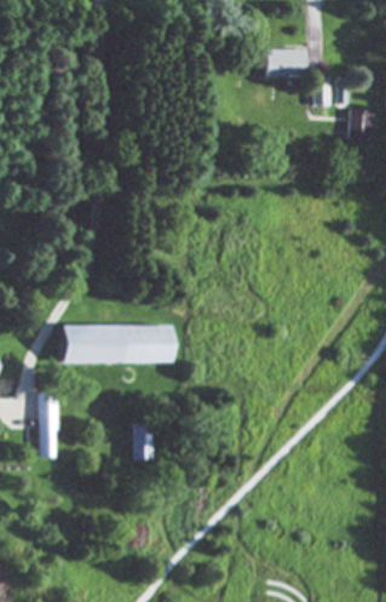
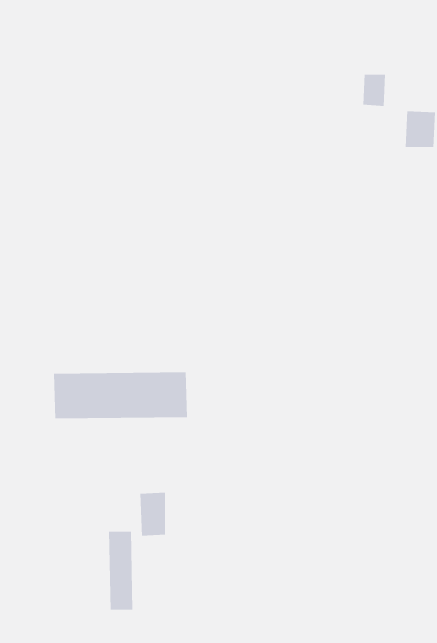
building: [269,50,309,76] -> none
building: [40,392,61,458] -> [108,531,133,610]

